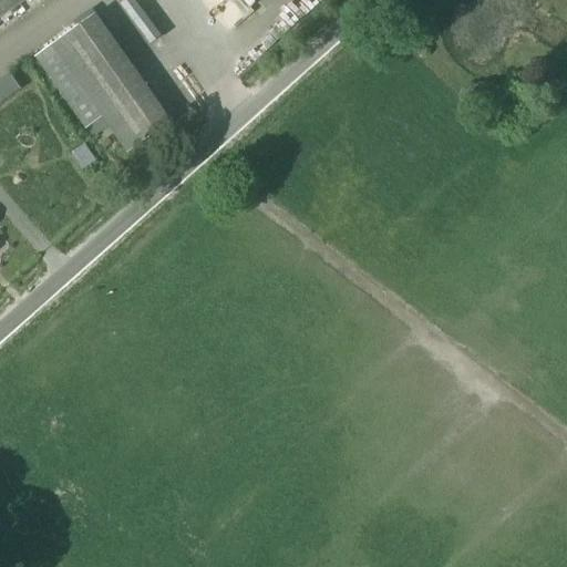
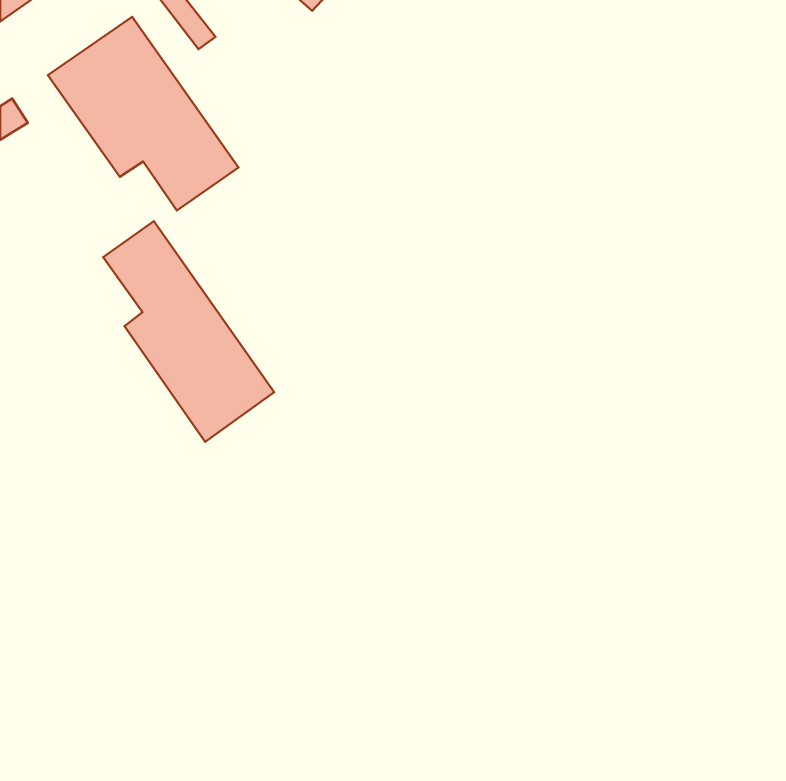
building: none -> [103,221,274,442]

